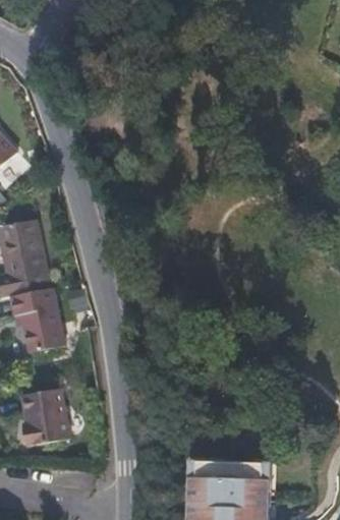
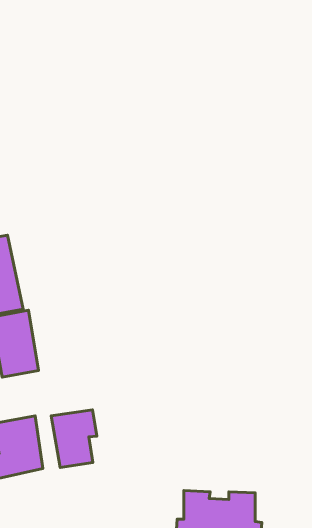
building: none -> [51,410,97,468]

